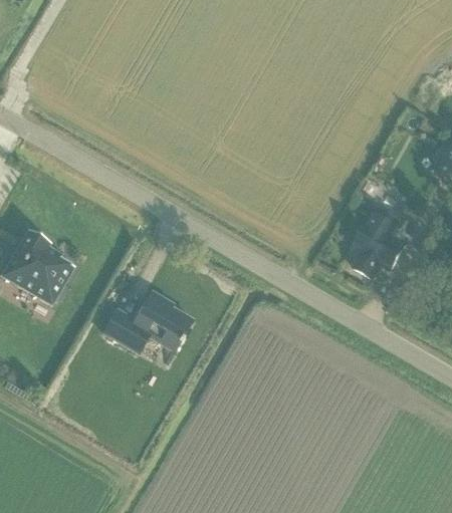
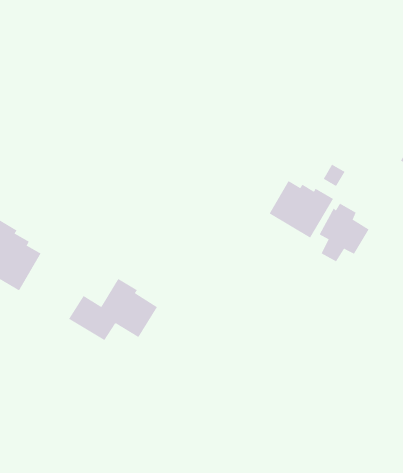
building: none -> [269,180,334,238]

